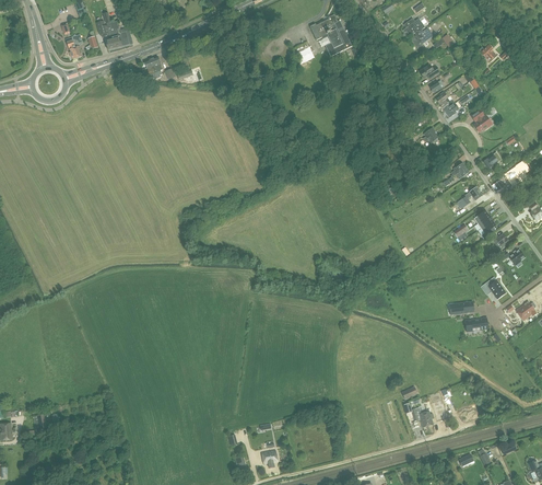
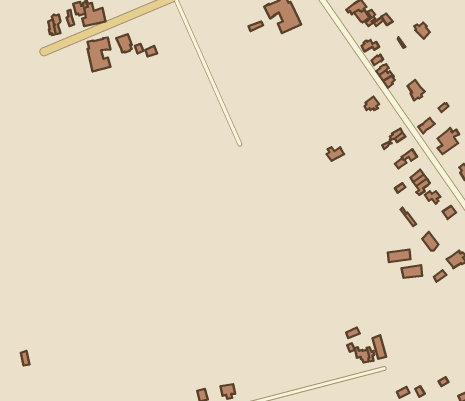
building: none -> [87,37,111,71]

